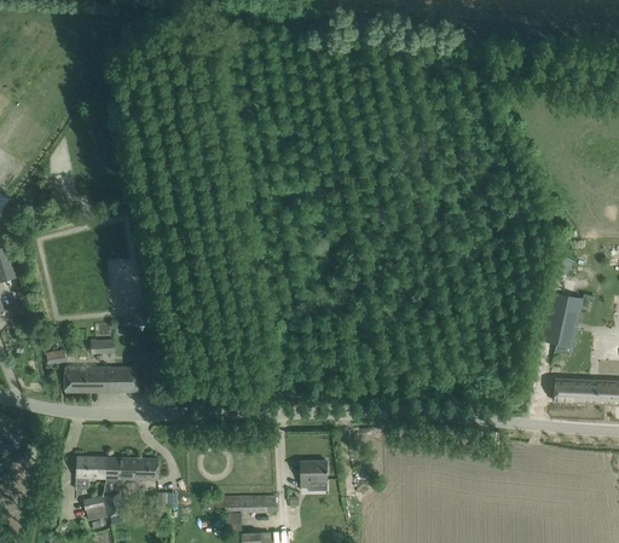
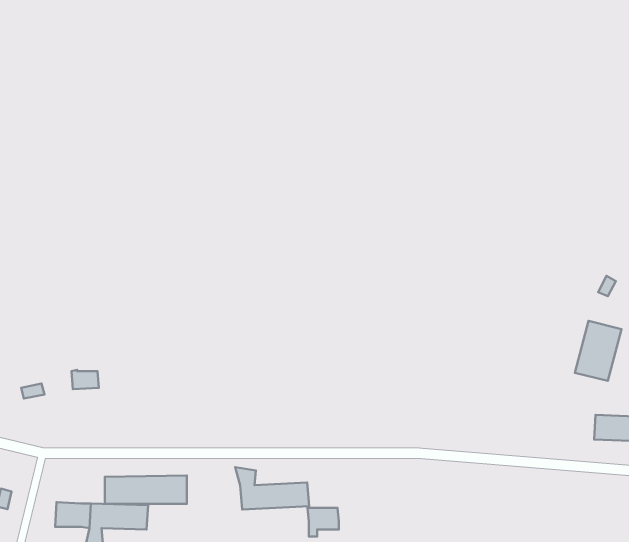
building: [65,366,138,392] -> [105,475,187,504]
building: none -> [235,467,309,509]

